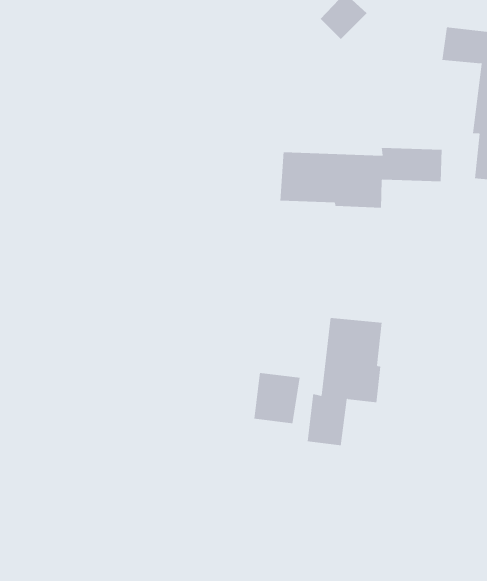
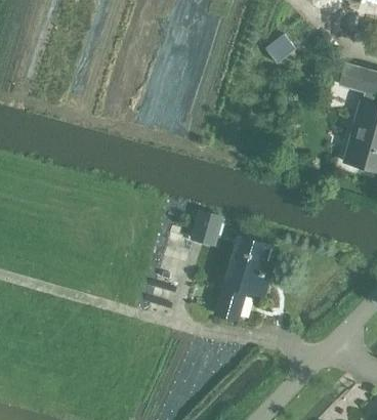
building: [280,147,442,208] -> none
building: [253,372,301,424] -> [192,210,225,246]

